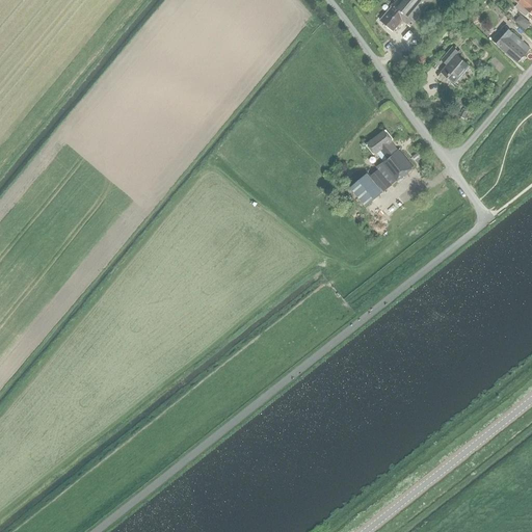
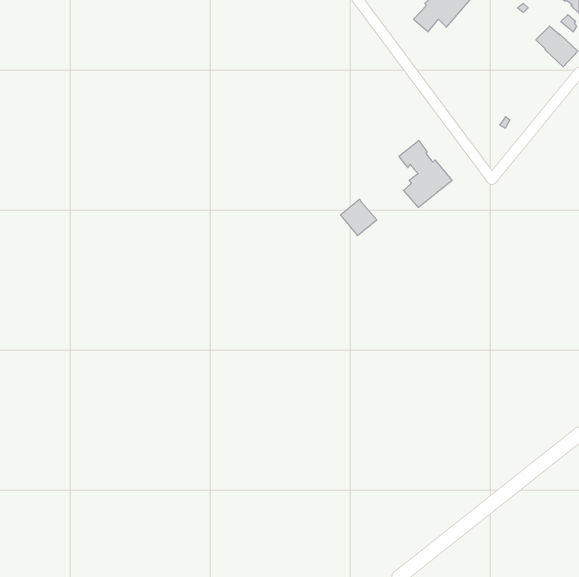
building: [441,45,471,83] -> none
building: [349,172,382,206] -> [340,199,377,236]

